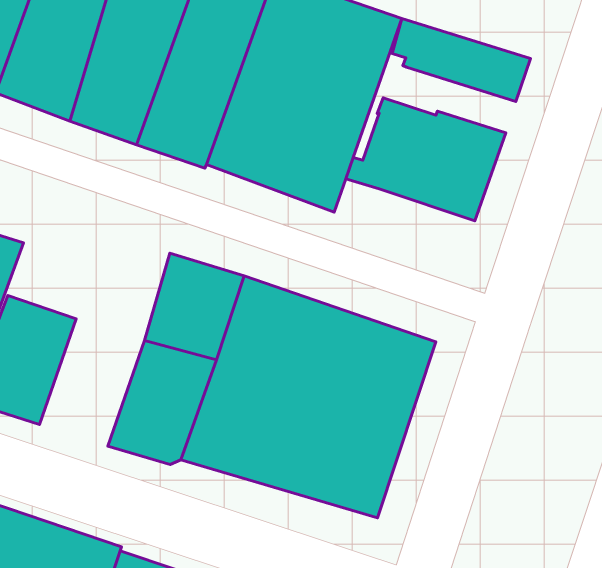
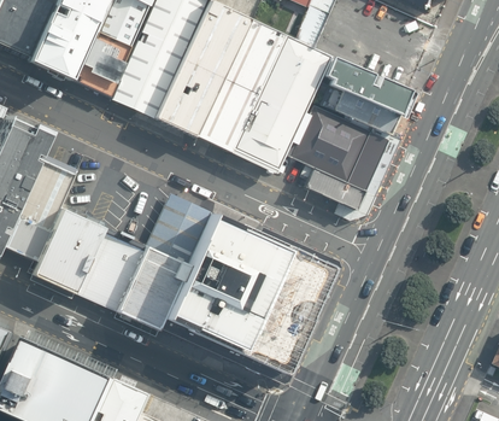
building: none -> [323,88,397,136]
building: none -> [298,164,363,212]
building: none -> [72,228,145,311]

